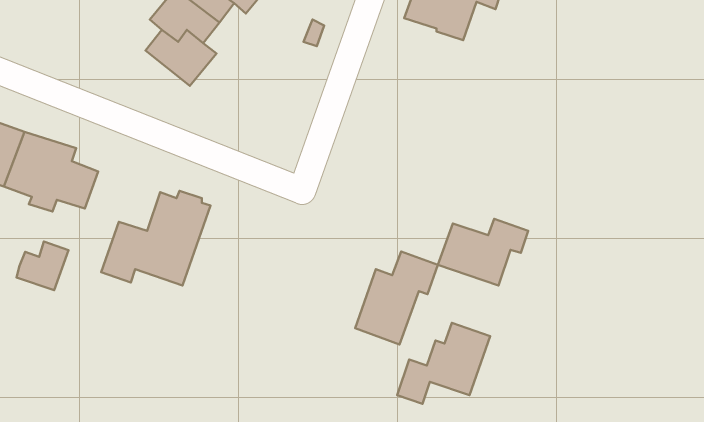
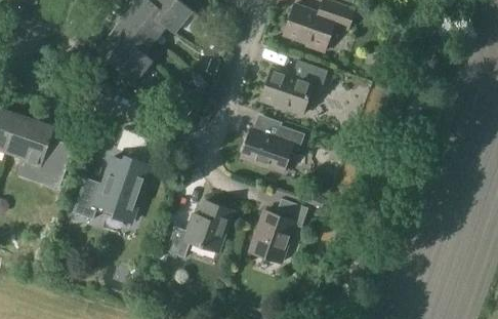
building: none -> [260,59,327,115]
building: [438,219,528,285] -> [241,126,303,172]
building: [17,242,69,290] -> none
building: [397,323,490,404] -> [167,202,232,258]

